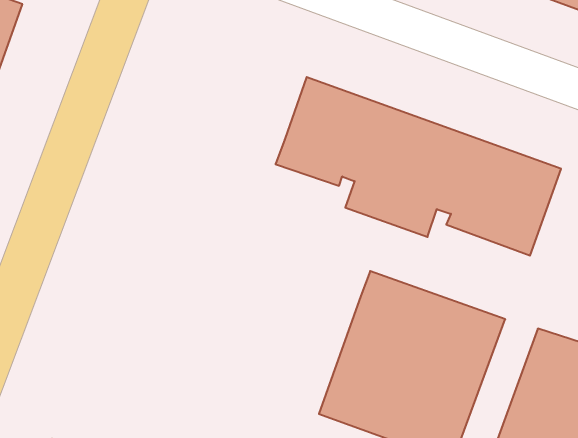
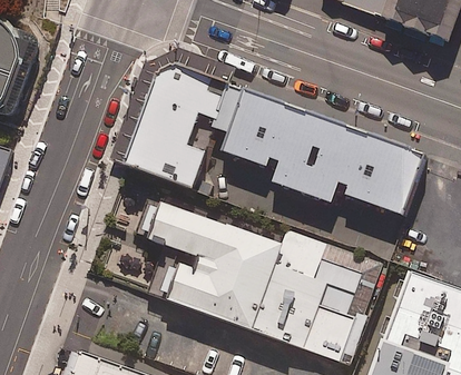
building: none -> [125,66,244,189]
building: none -> [134,198,283,330]

